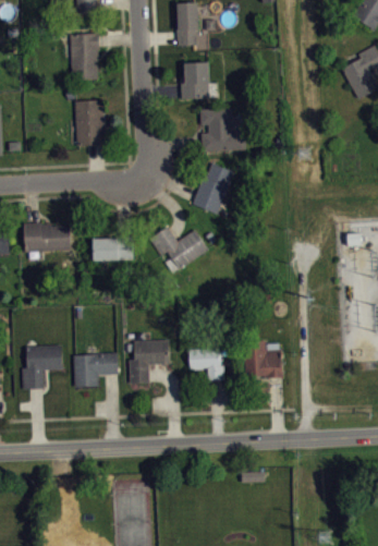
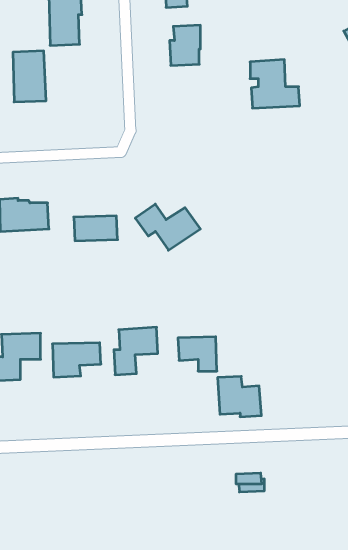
building: [75,99,106,146] -> [13,51,46,102]
building: [200,107,246,151] -> [250,60,300,108]
building: [192,163,236,215] -> none
building: [243,340,283,377] -> [218,376,261,417]

